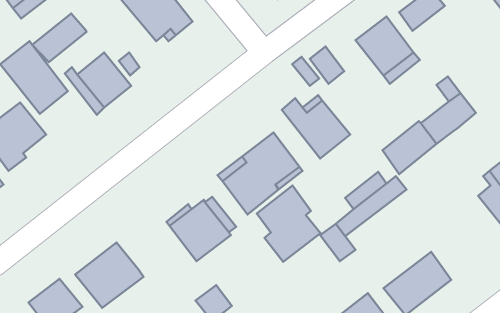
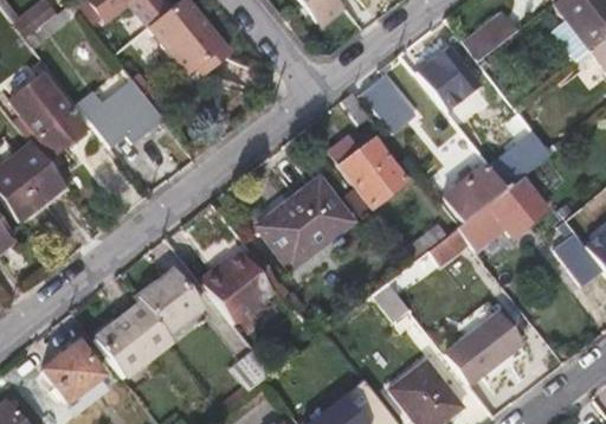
building: [32,13,87,62] -> none
building: none -> [460,174,550,249]
building: [257,186,320,262] -> none
building: none -> [138,270,201,333]

